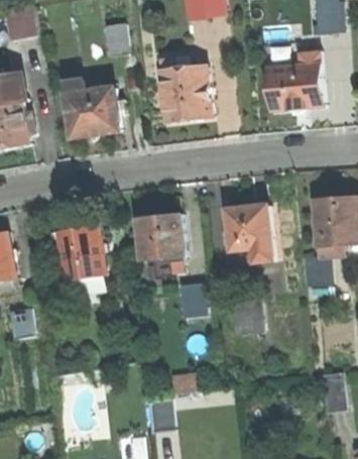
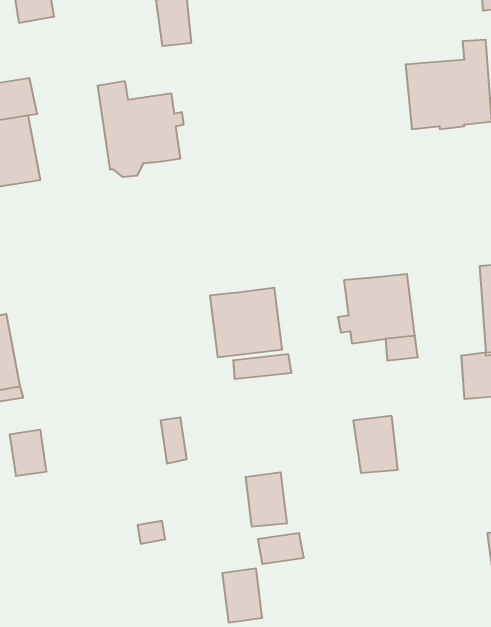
building: [159,59,211,122] -> none
building: [57,225,106,280] -> none
building: [178,282,206,318] -> [245,472,287,526]

